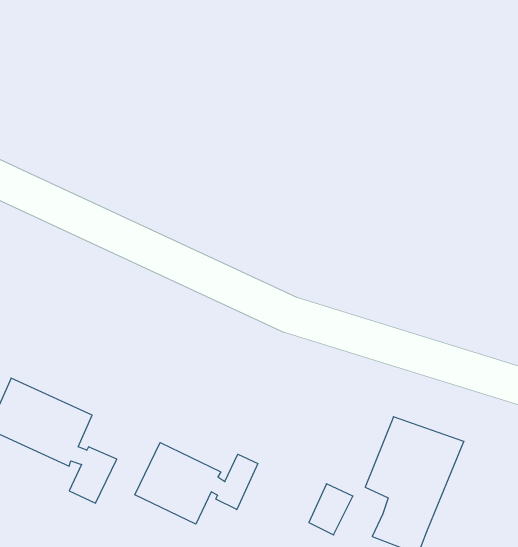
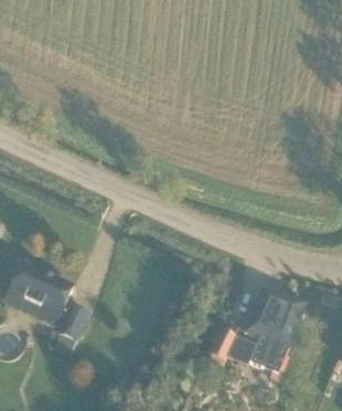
building: [135,443,258,524] -> none

